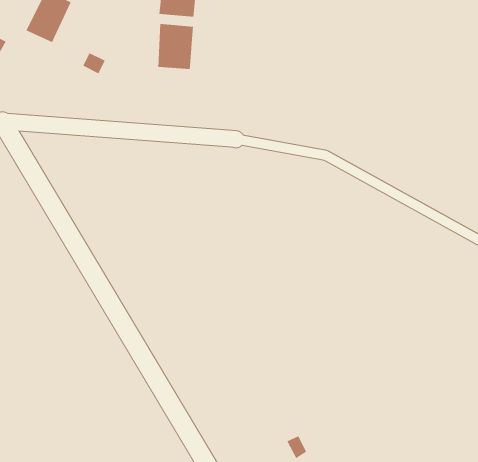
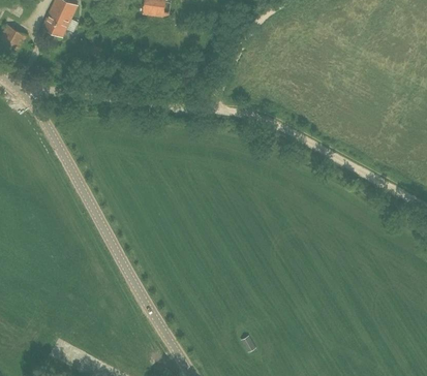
building: [158,23,193,70] -> none

